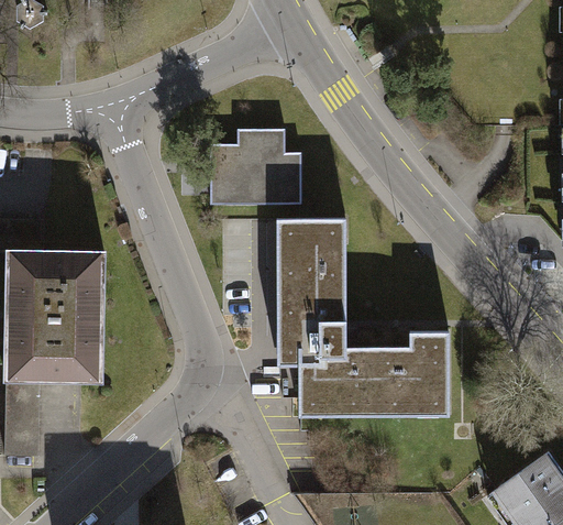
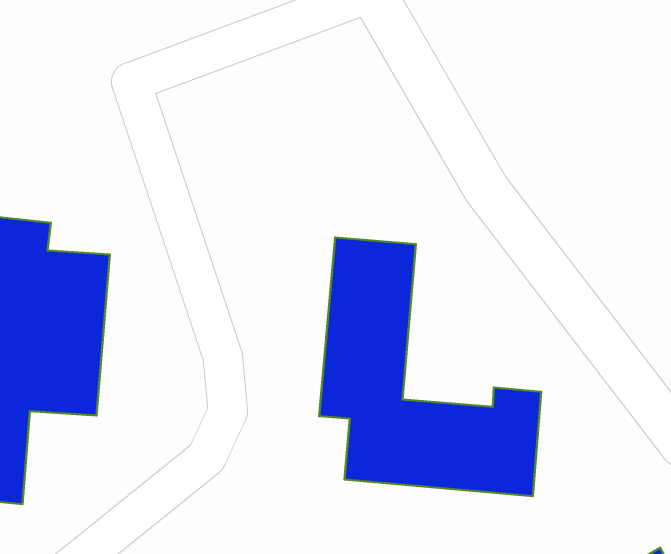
building: [213,129,308,208] -> none

